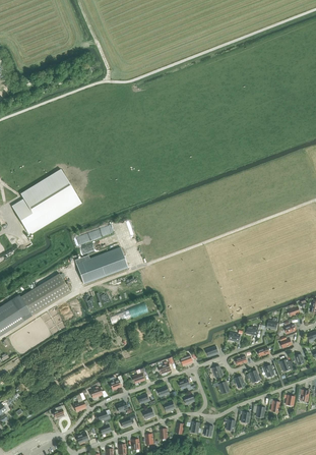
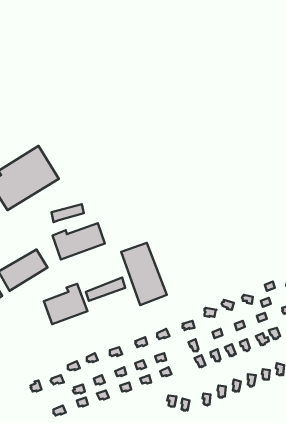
building: none -> [121,243,167,305]
building: none -> [44,284,88,324]

